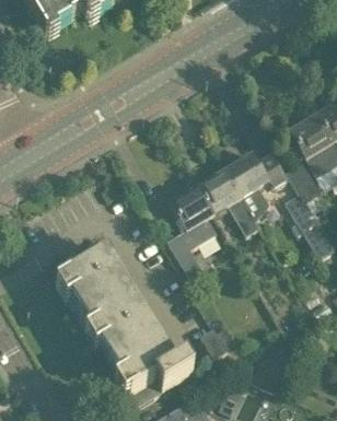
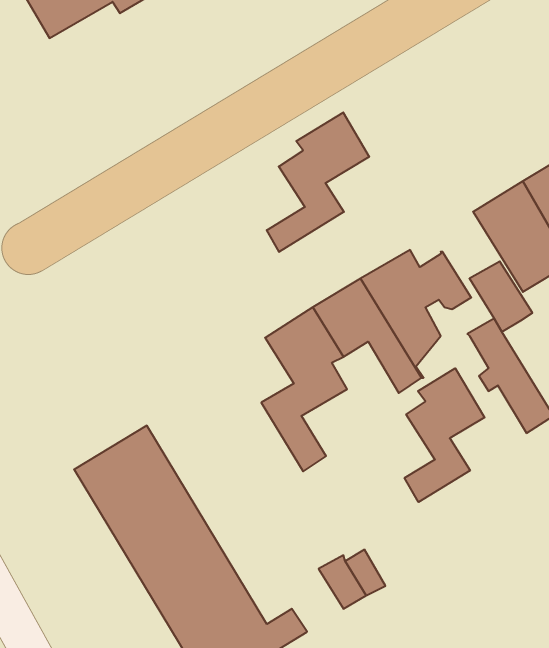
building: none -> [267,112,369,252]
building: none -> [405,368,485,502]

